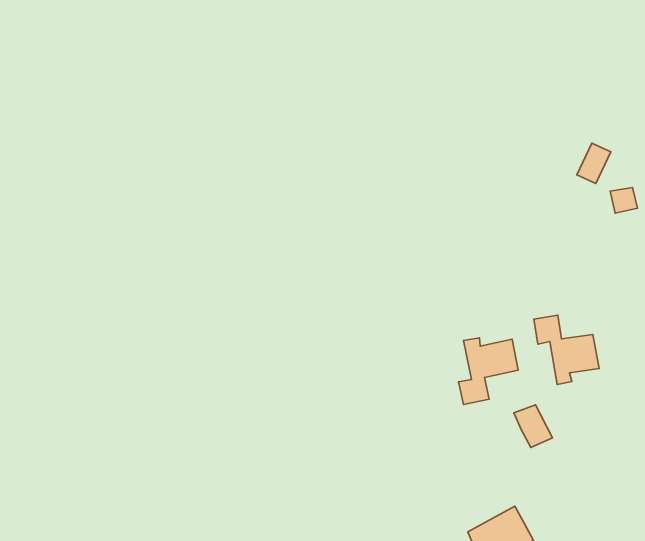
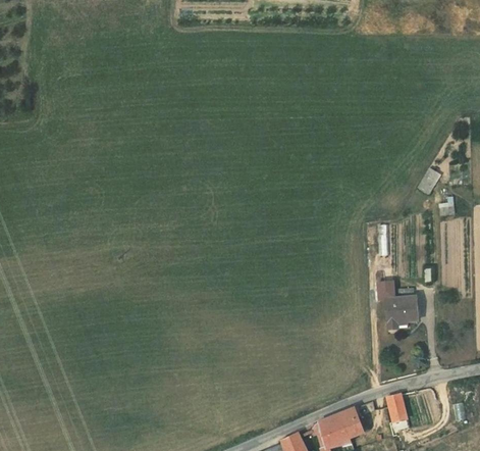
building: [459,338,518,404] -> none
building: [514,405,552,447] -> [384,393,409,421]

